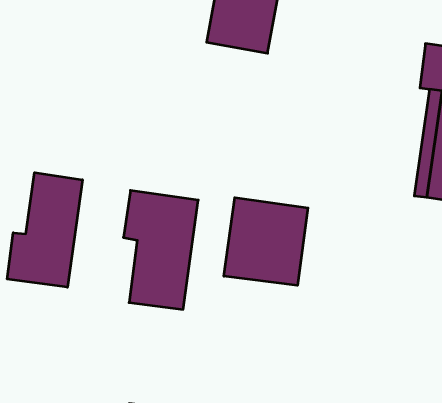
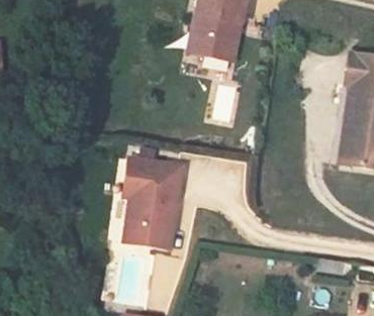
building: [7,173,82,287] -> none
building: [224,198,308,285] -> none

